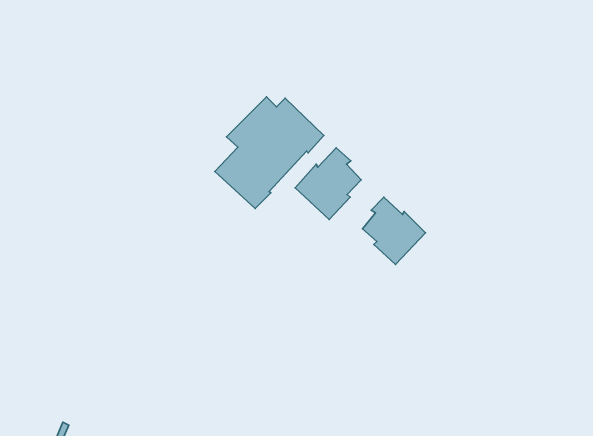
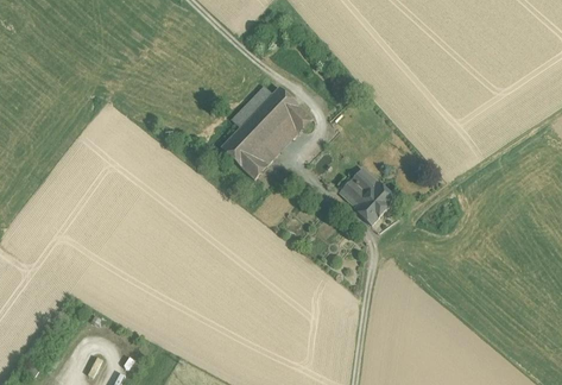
building: [295,148,361,220] -> none

